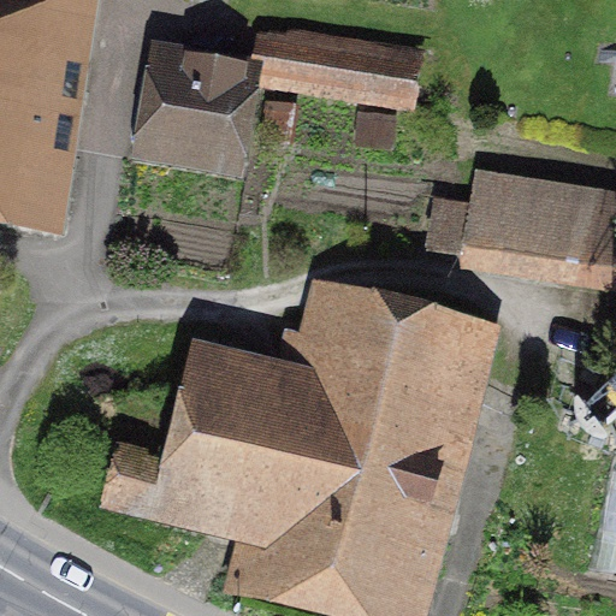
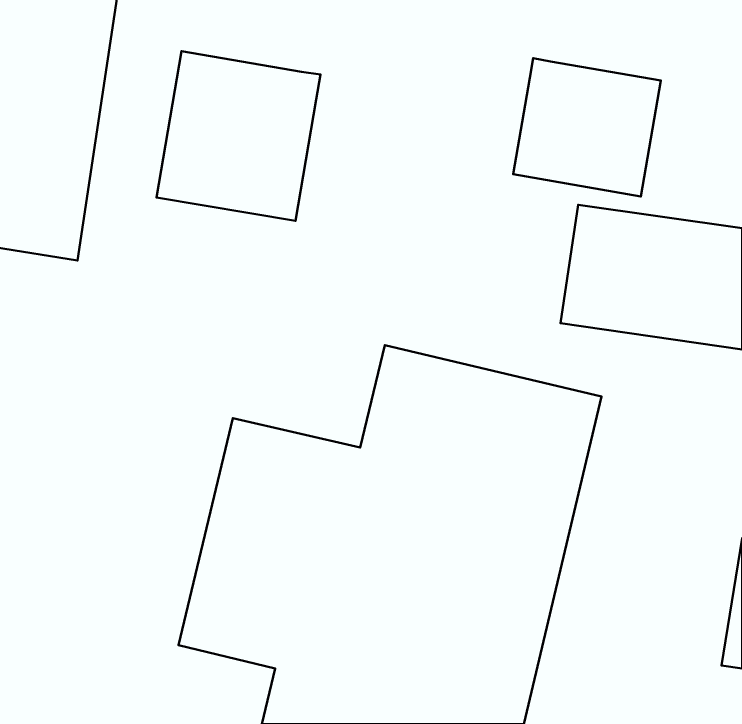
building: [248,24,420,108] -> none
building: none -> [513,58,661,196]

